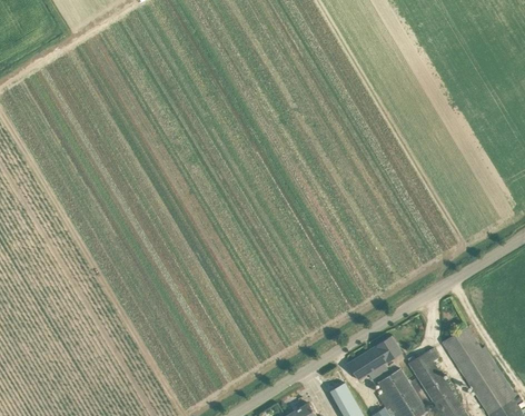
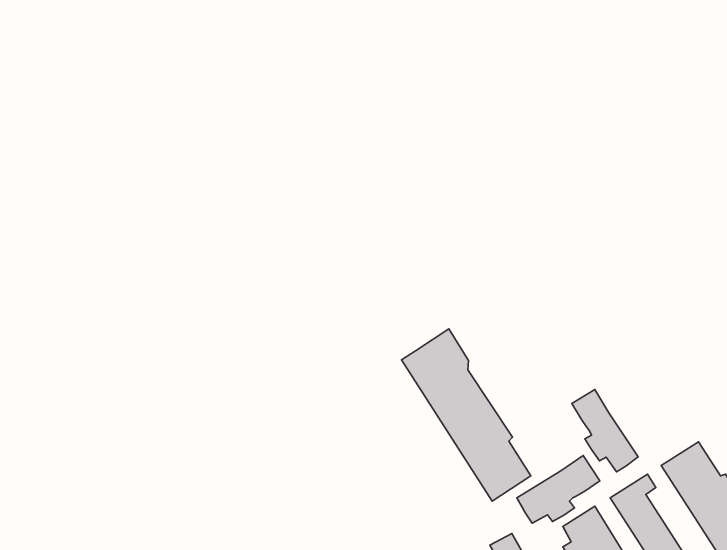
building: none -> [401,329,531,501]
building: none -> [572,389,638,472]

